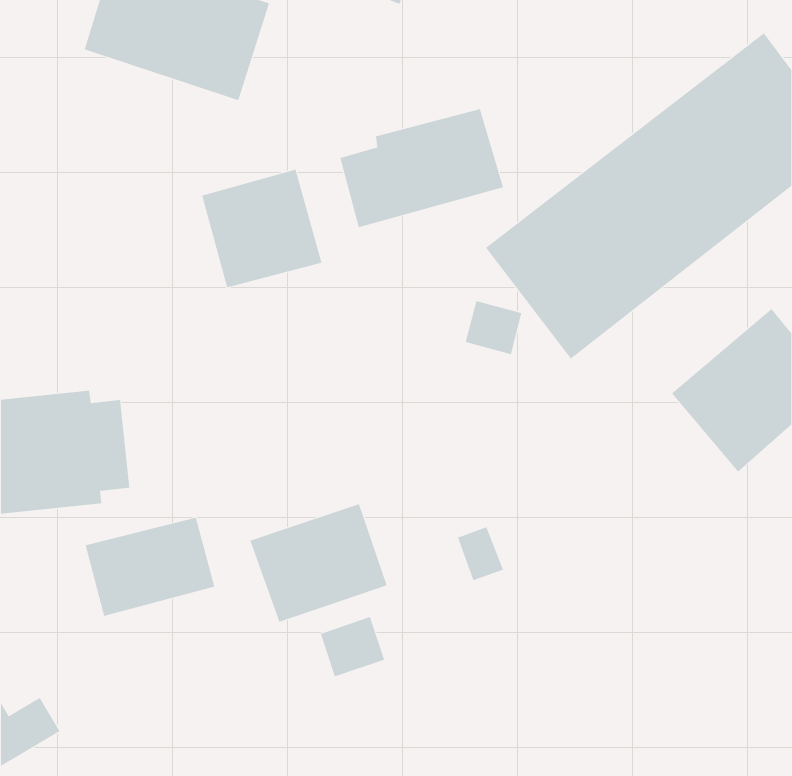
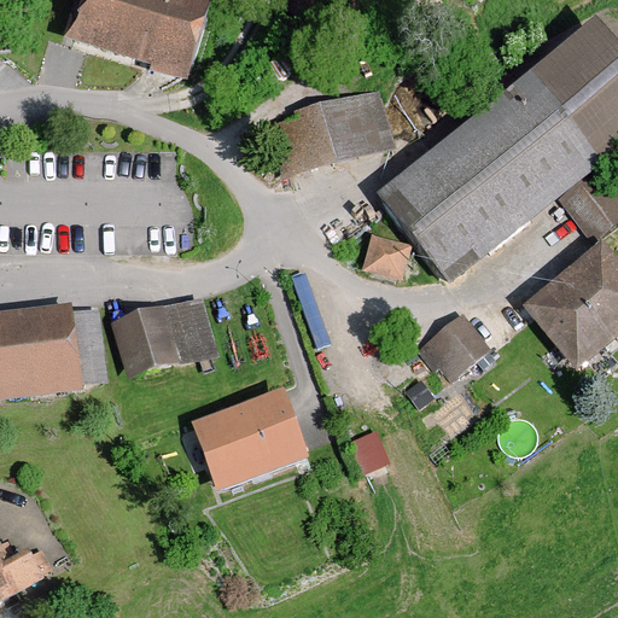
building: [201,169,322,288] -> none
building: none -> [419,310,488,378]
building: [85,517,215,616] -> [110,298,211,375]
building: [320,616,385,677] -> none

